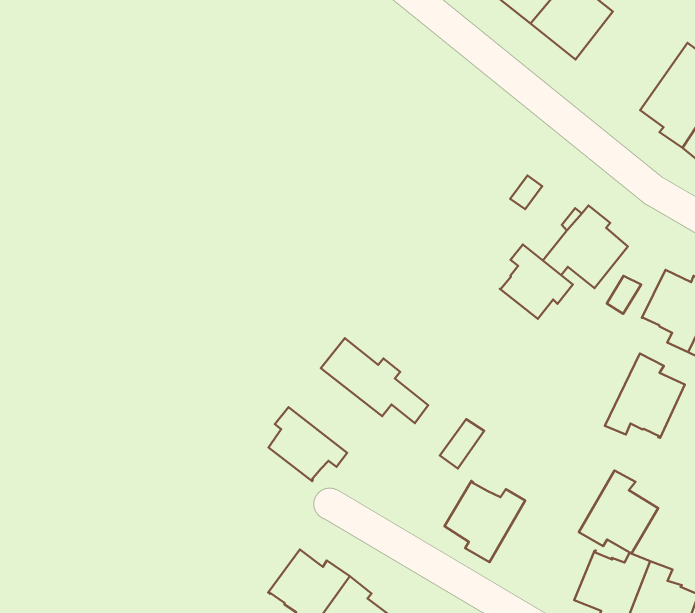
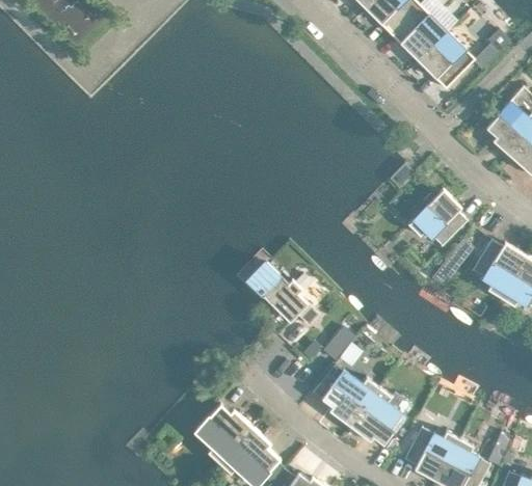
building: [500,244,573,319] -> none
building: [605,354,685,438] -> none
building: [268,407,347,481] -> none
building: [579,470,658,554] -> [348,387,404,446]

